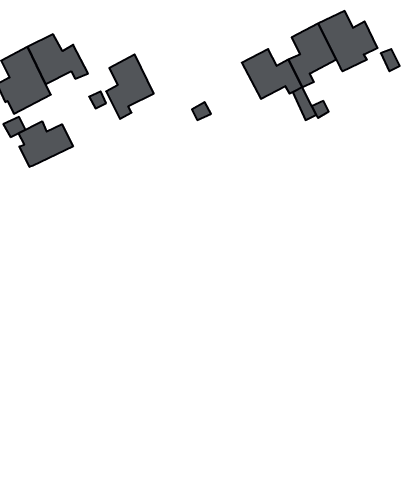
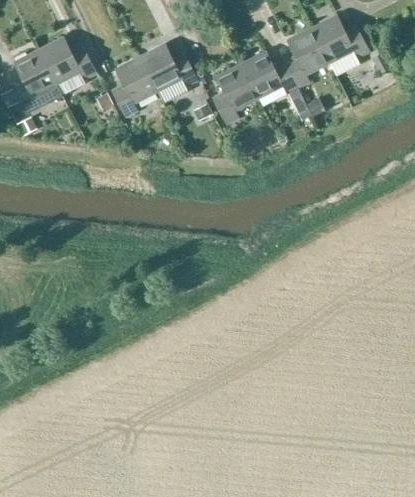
building: none -> [140,44,197,102]
building: none -> [213,64,259,124]
building: [19,121,73,167] -> none

